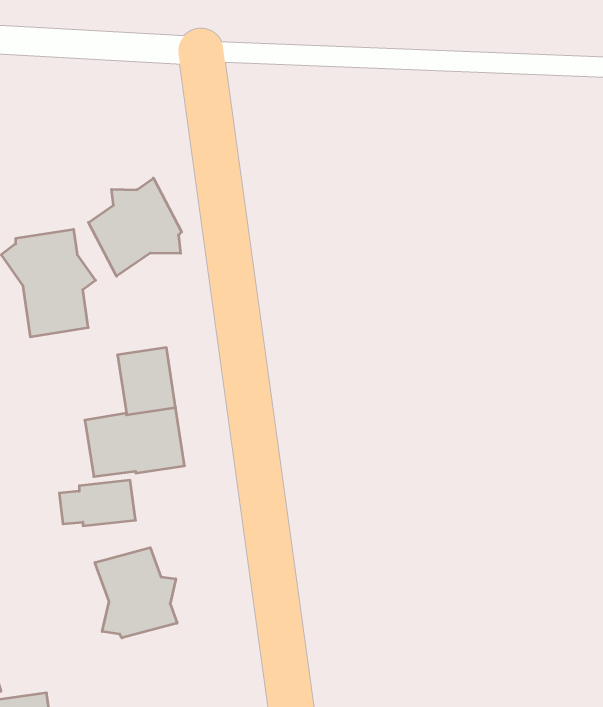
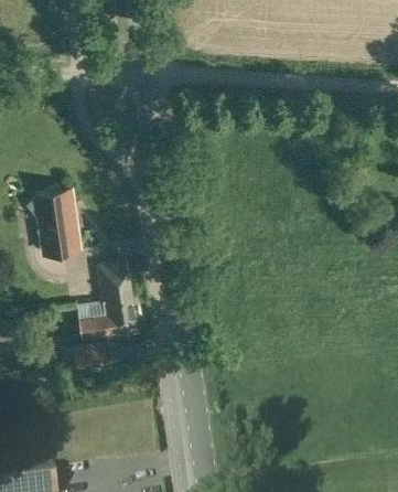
building: [88,178,182,276] -> none
building: [95,548,177,638] -> none

